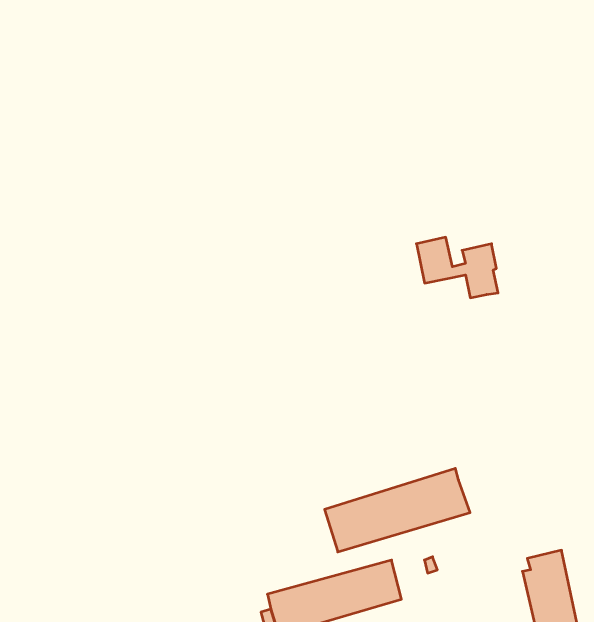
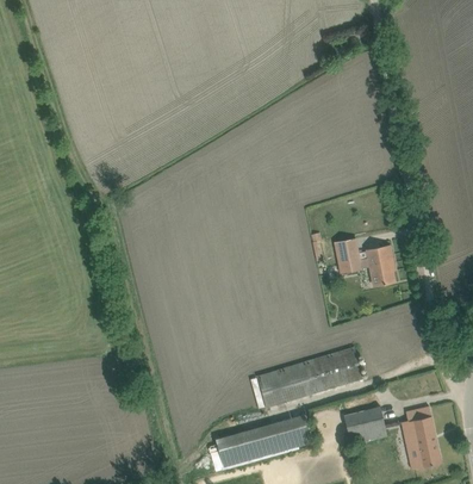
building: [416,237,498,298] -> [334,241,393,285]
building: none -> [342,405,387,446]

